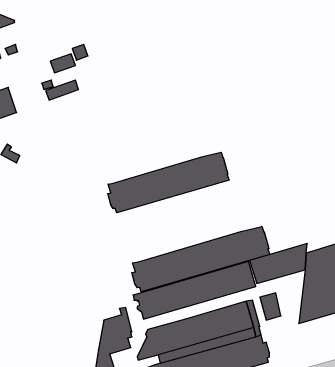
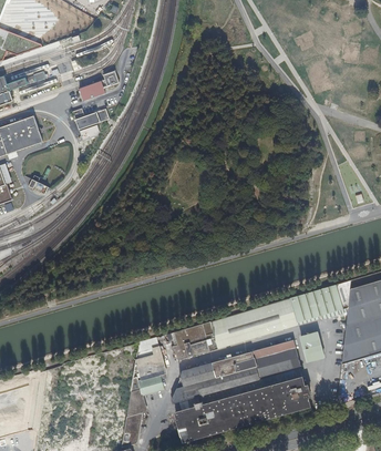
building: [108,152,229,213] -> none
building: [132,226,270,292] -> none

